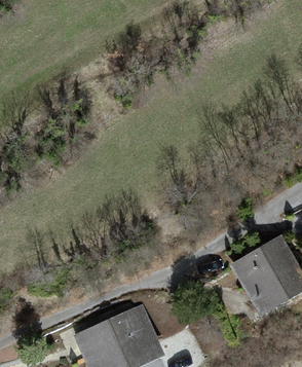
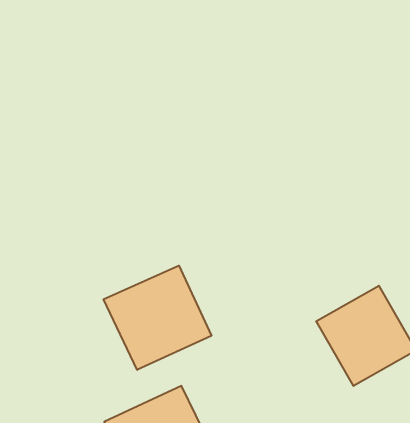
building: none -> [104,266,211,370]

